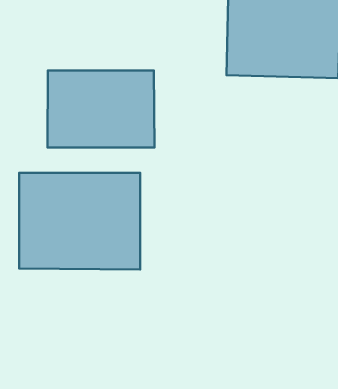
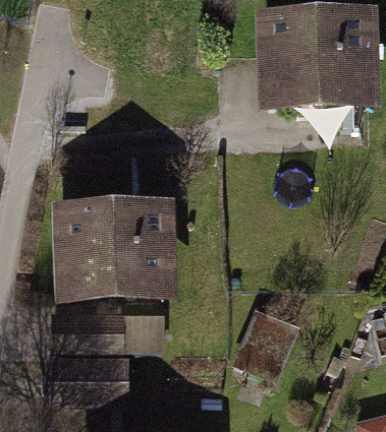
building: [47,71,155,147] -> none

